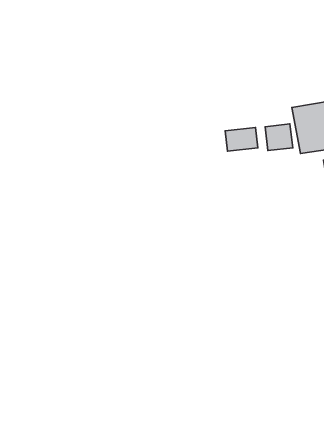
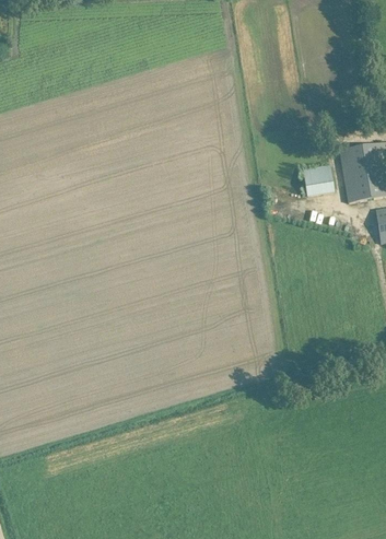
building: [225,127,258,151] -> none

